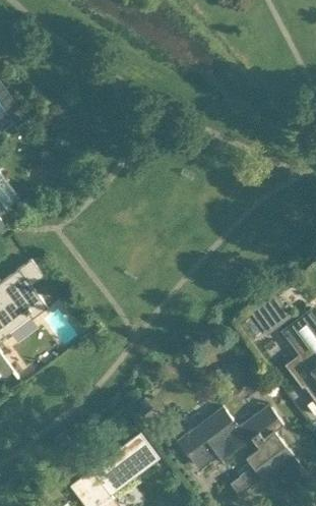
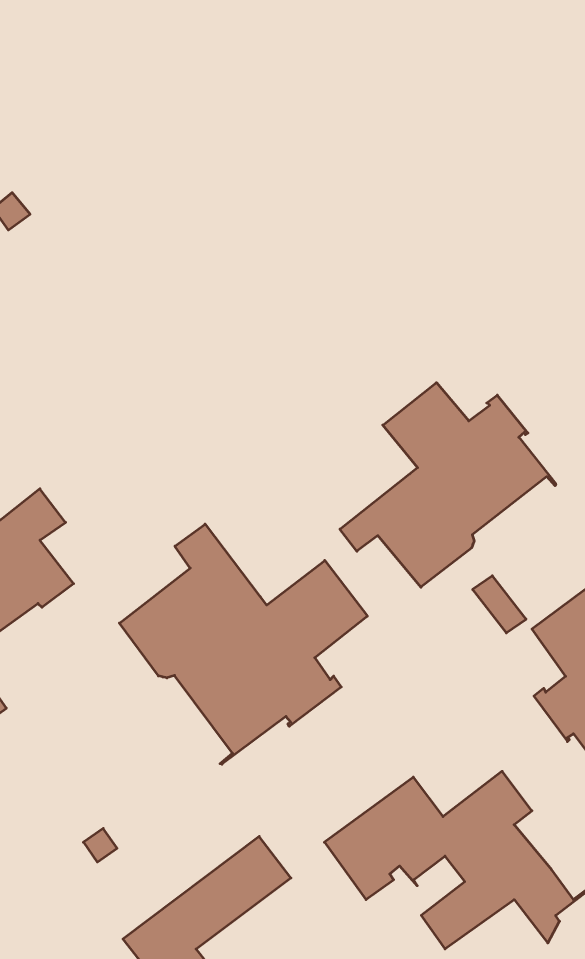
building: none -> [340,383,556,587]
building: none -> [119,524,367,764]

